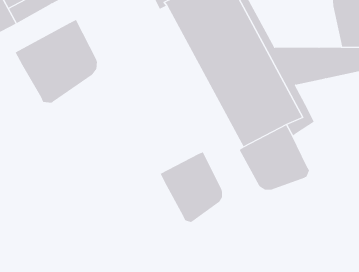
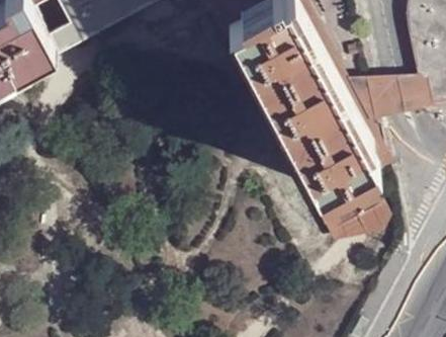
building: [15,19,97,103] -> none
building: [160,151,223,223] -> none

